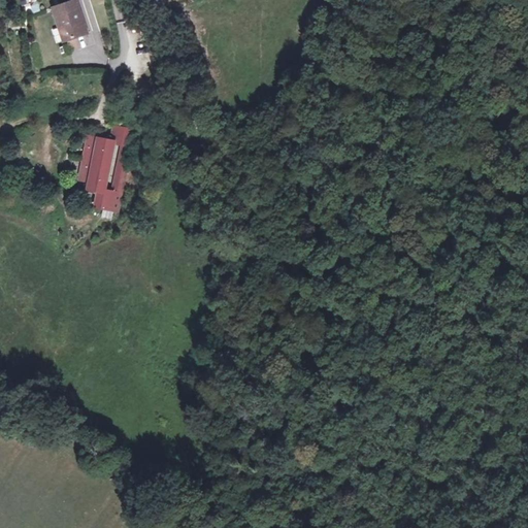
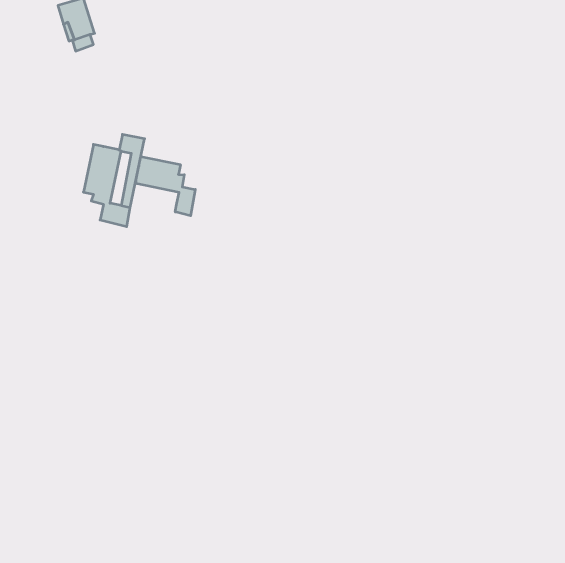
building: none -> [136,156,195,216]

